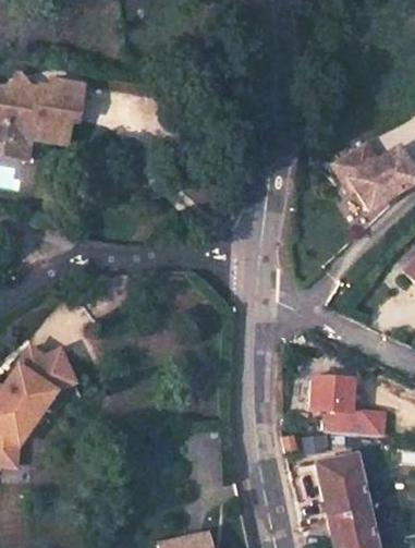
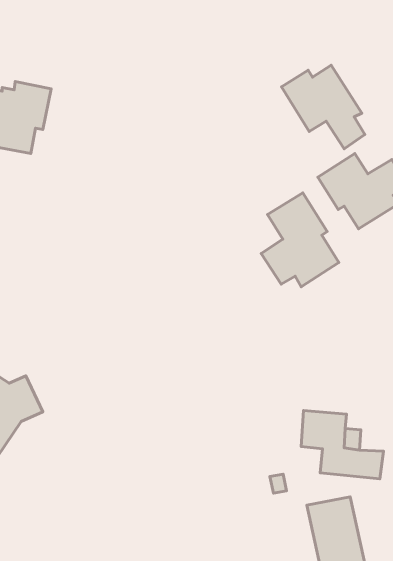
building: none -> [281,65,365,149]
building: none -> [261,193,339,287]

